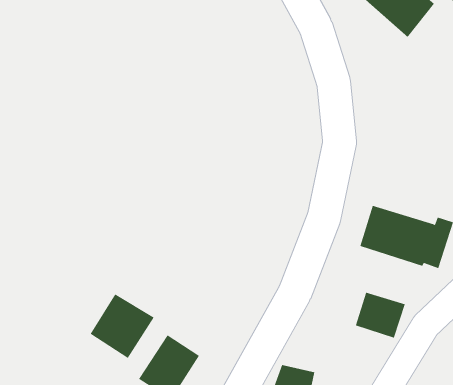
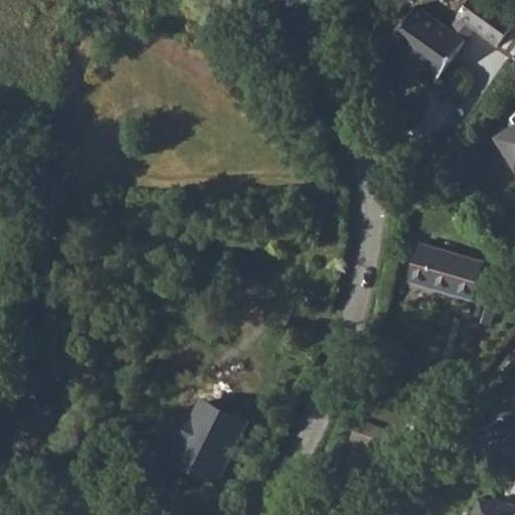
building: [355,292,405,338] -> none
building: [90,293,154,359] -> none

